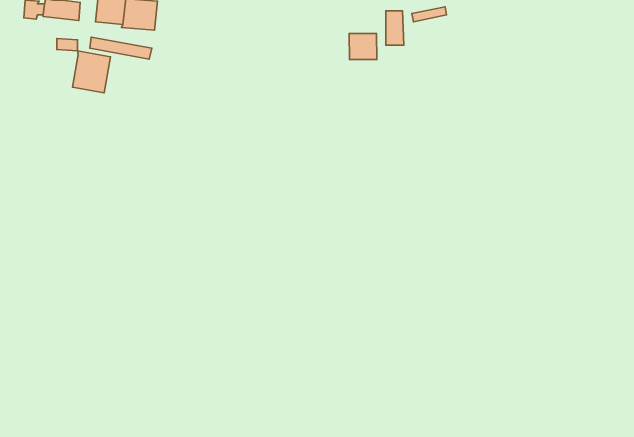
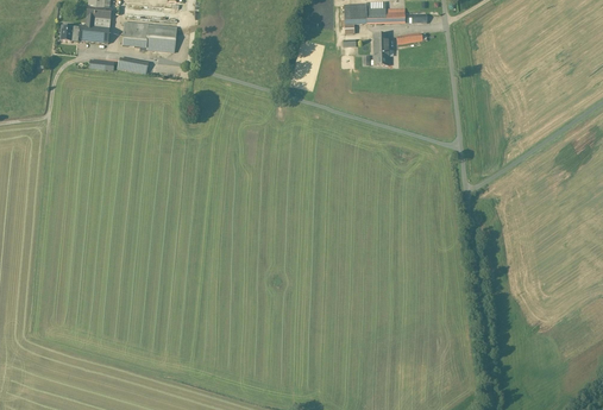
building: [349,33,377,60] -> none
building: [73,51,111,93] -> none

